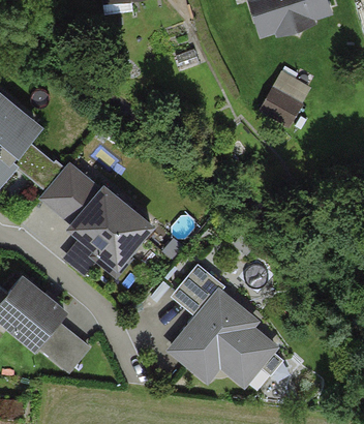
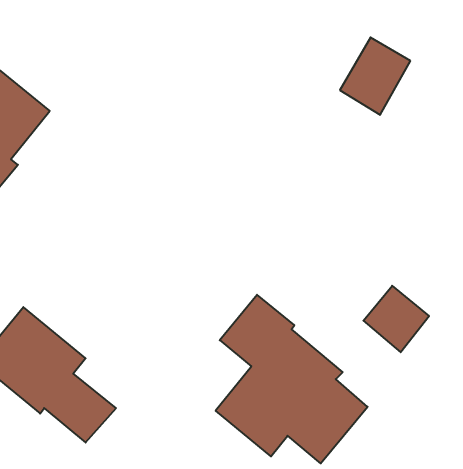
building: [38,159,156,279] -> none
building: none -> [363,286,429,352]

